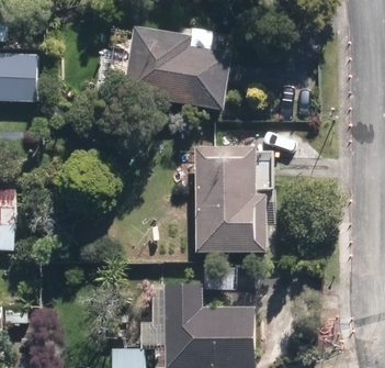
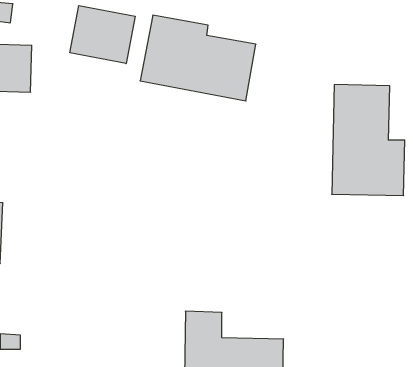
building: none -> [70,6,135,64]
building: [200,154,263,250] -> [332,85,405,196]

